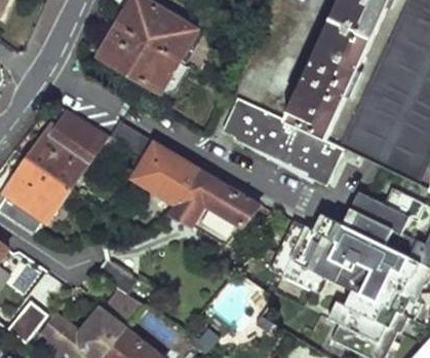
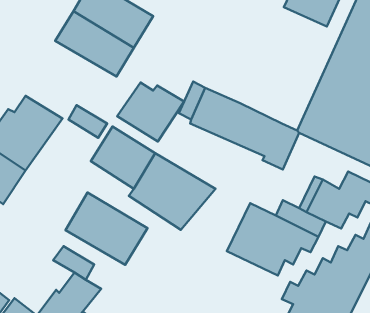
building: [283,22,370,139] -> none
building: none -> [117,83,184,141]
building: none -> [66,193,147,265]

